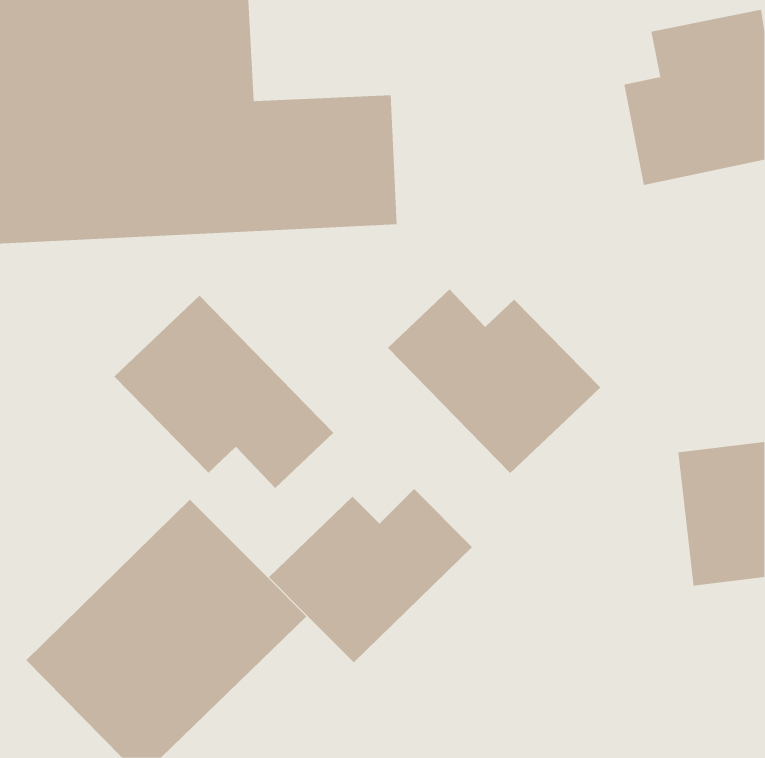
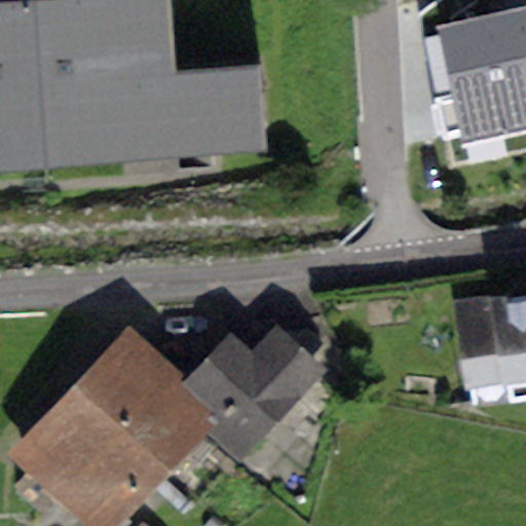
building: [387,288,601,474] -> none
building: [113,295,334,489] -> none

